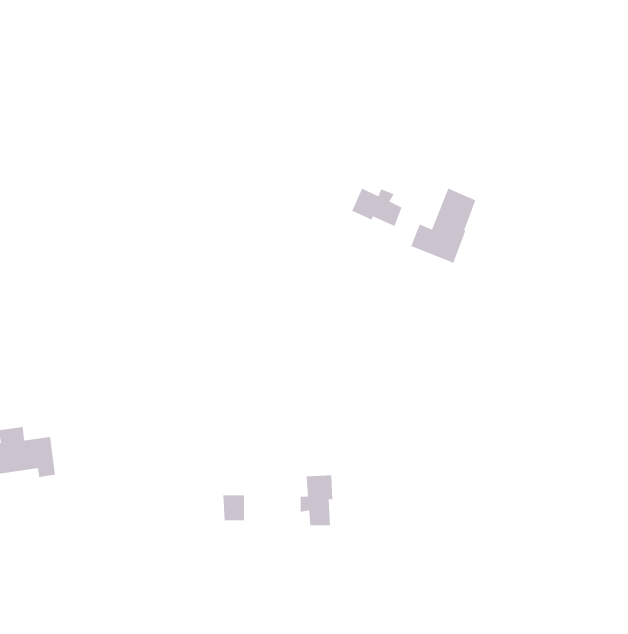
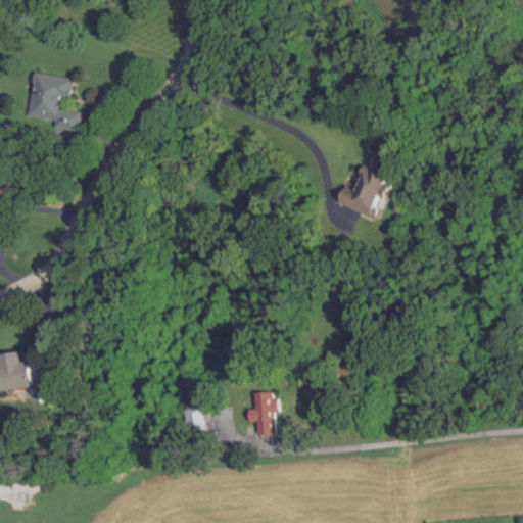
building: none -> [27,73,79,137]
building: [352,188,402,227] -> none

